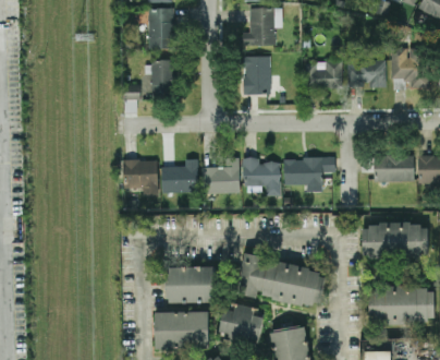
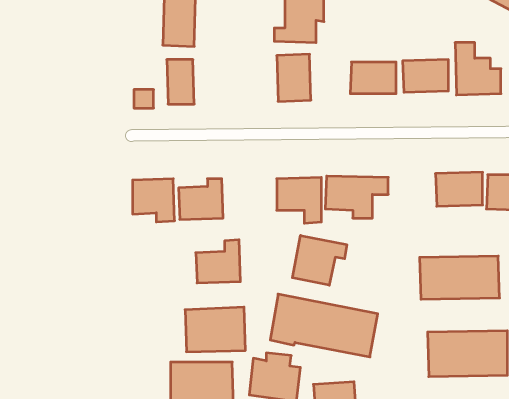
building: [203,156,240,192] -> [196,240,240,283]
building: none -> [292,235,347,285]

